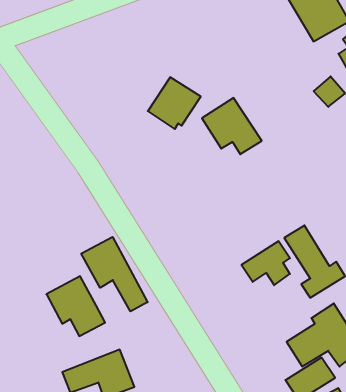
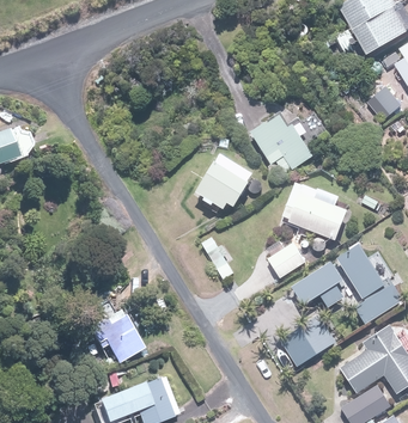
building: [148,77,201,129] -> [195,154,251,209]
building: none -> [280,182,346,239]
building: none -> [269,243,305,277]
building: [81,237,148,311] -> none
building: none -> [281,319,331,366]

